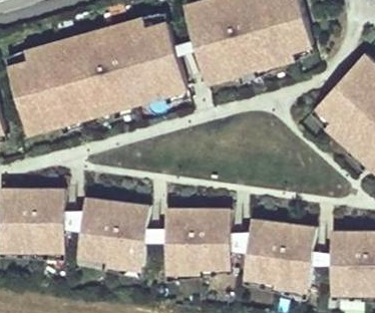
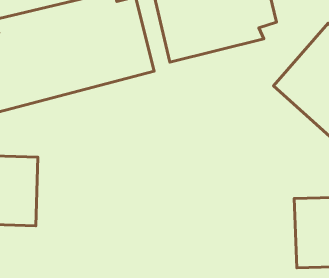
building: [78,195,152,275] -> none
building: [164,206,234,280] -> none
building: [246,216,320,297] -> none

